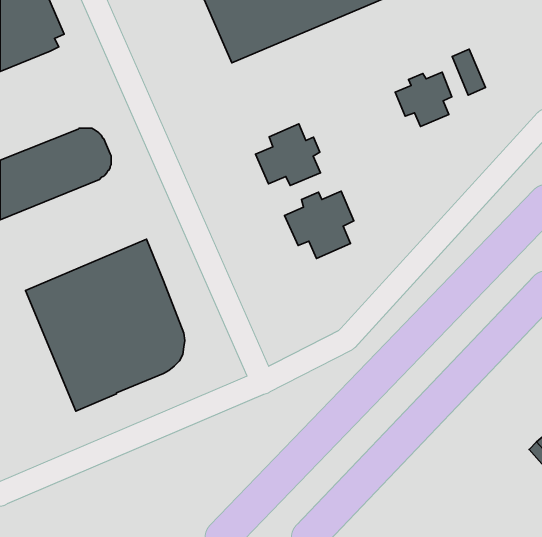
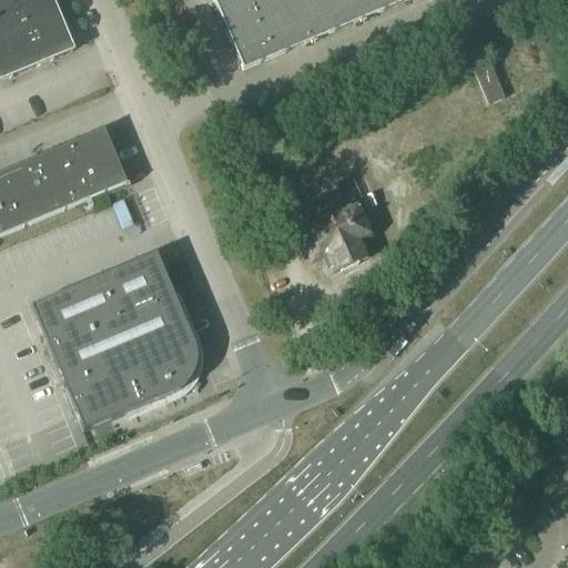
building: [395,72,452,126] -> none
building: [256,124,320,185] -> none

